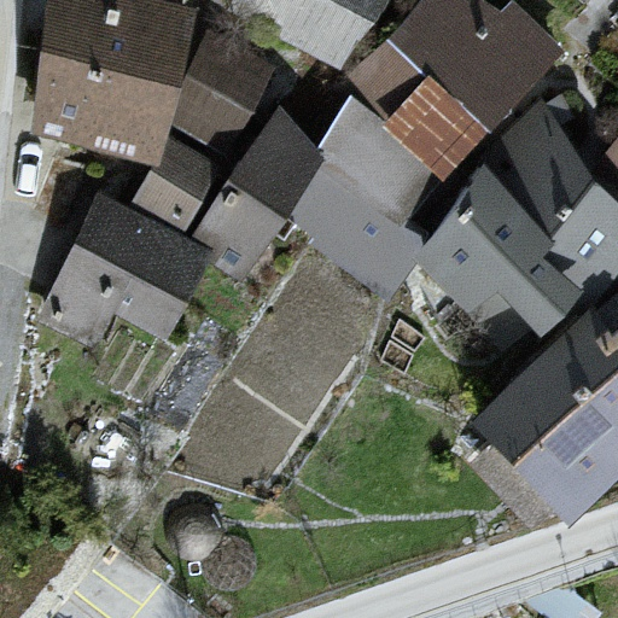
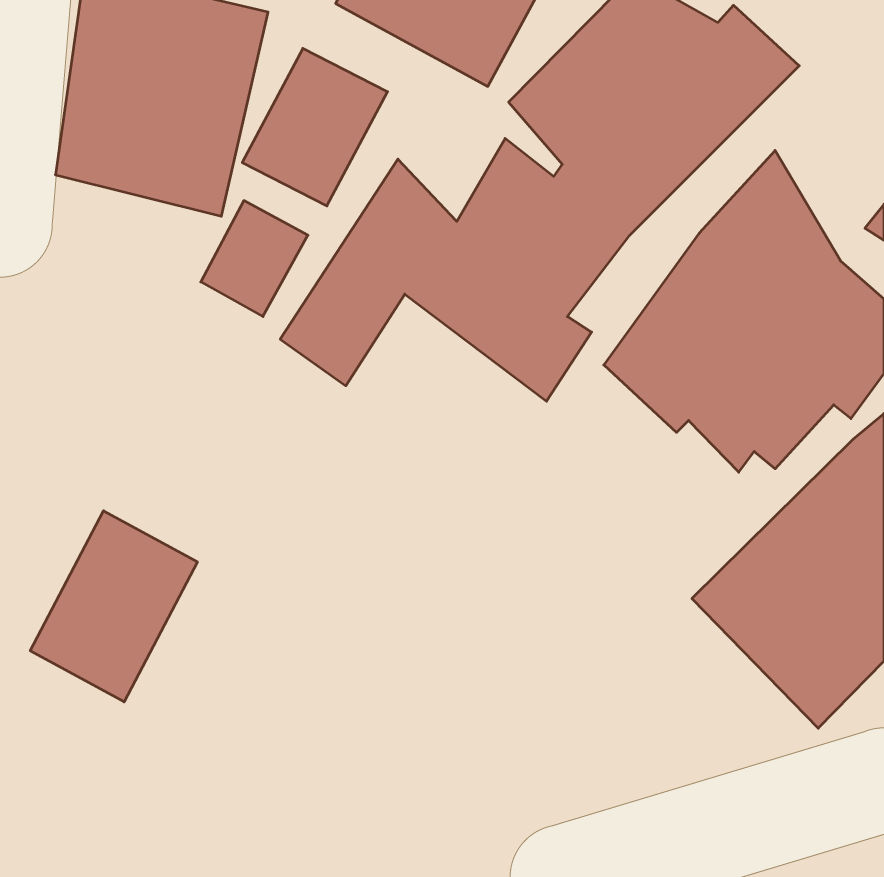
building: [45,197,204,331] -> none
building: none -> [30,511,197,702]

